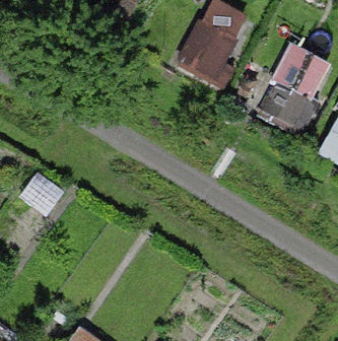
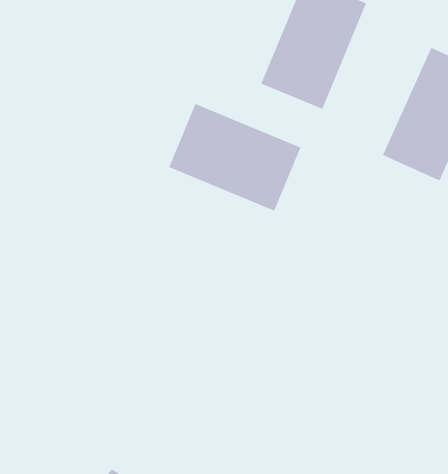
building: none -> [169,103,301,212]

